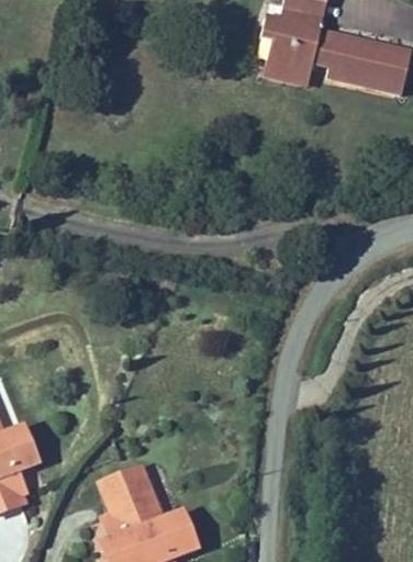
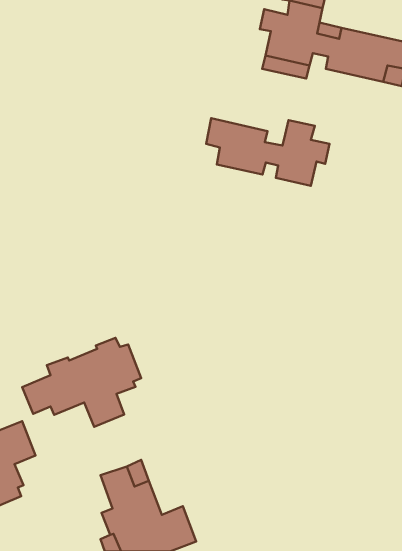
building: none -> [206,118,330,186]
building: none -> [22,338,141,427]

